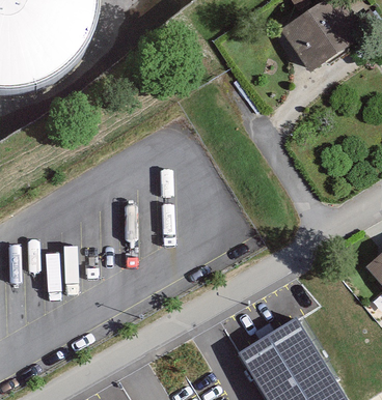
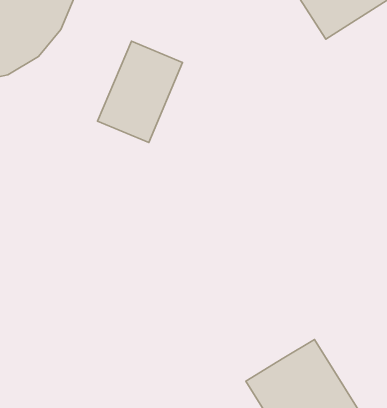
building: none -> [98,41,183,142]

